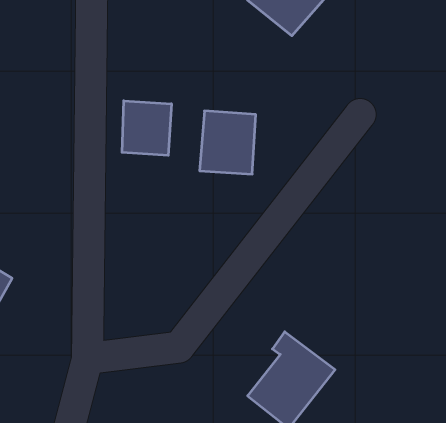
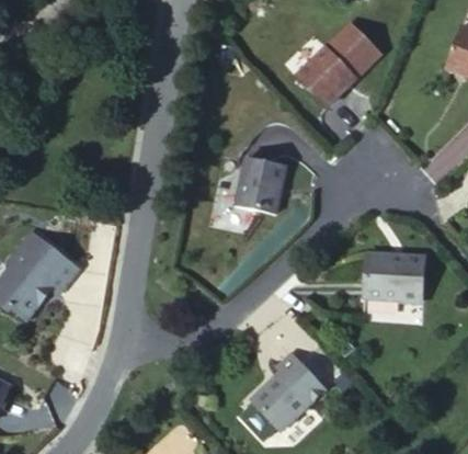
building: [122,101,171,155] -> none
building: none -> [358,246,423,297]

